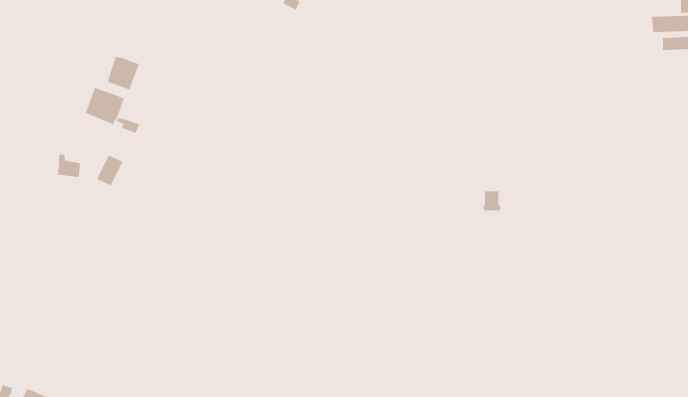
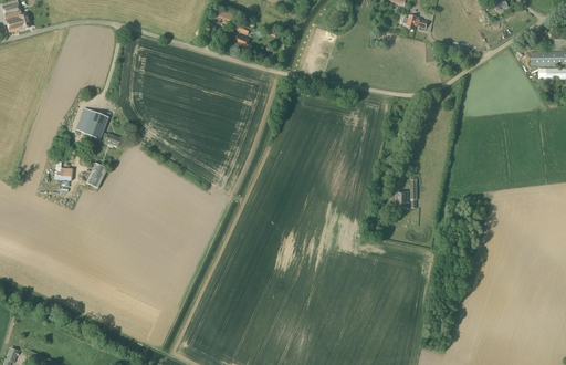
building: [107,56,140,90] -> none

